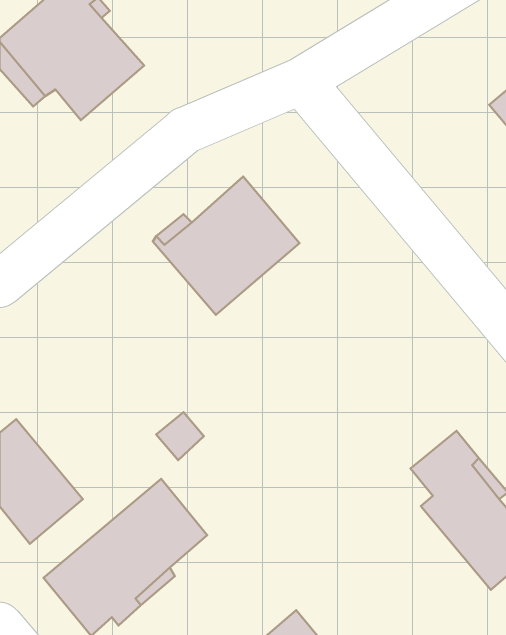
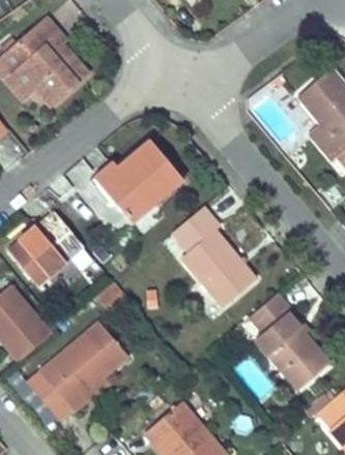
building: none -> [174,207,256,307]
building: none -> [9,212,84,285]

